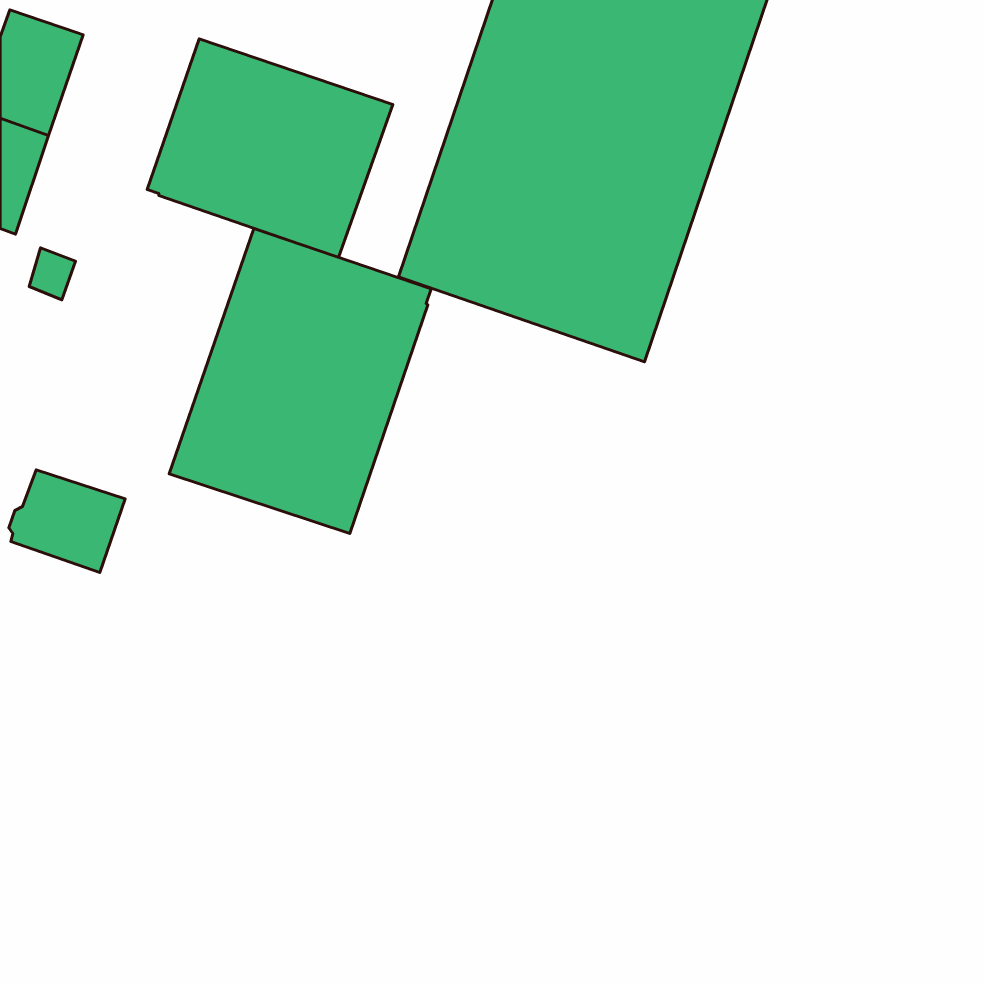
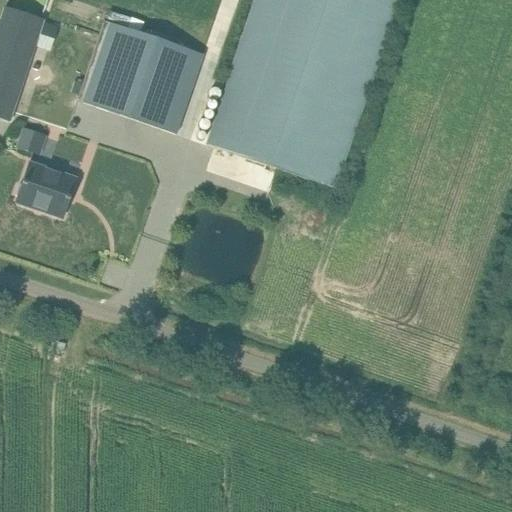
building: [169,229,431,534] -> none
building: [9,470,125,572] -> [17,163,77,216]

